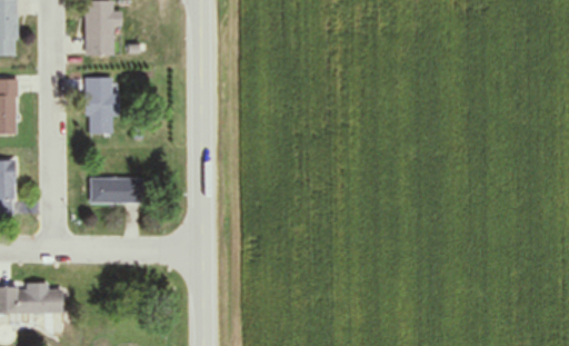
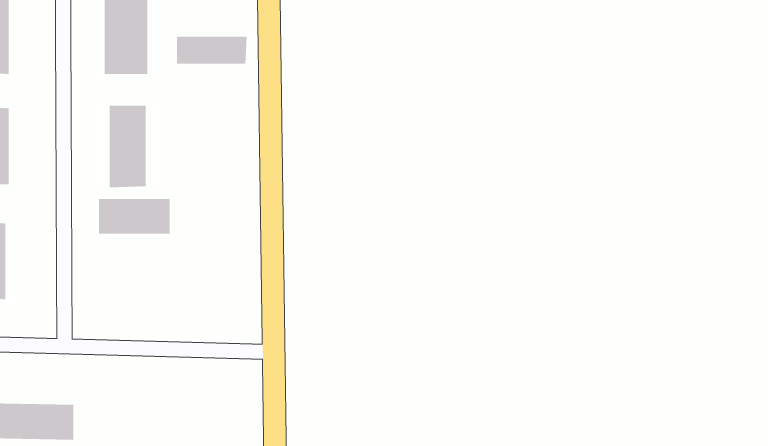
building: none -> [176,36,247,65]
building: [90,178,141,204] -> [98,198,171,235]

